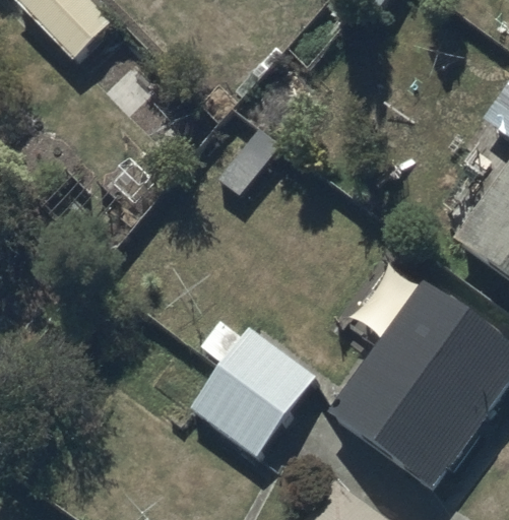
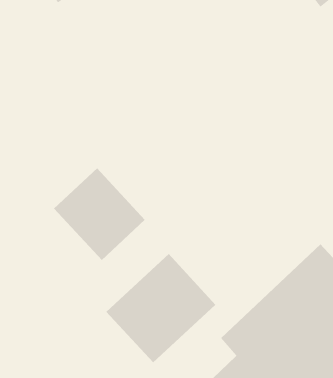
building: none -> [53,167,146,261]

